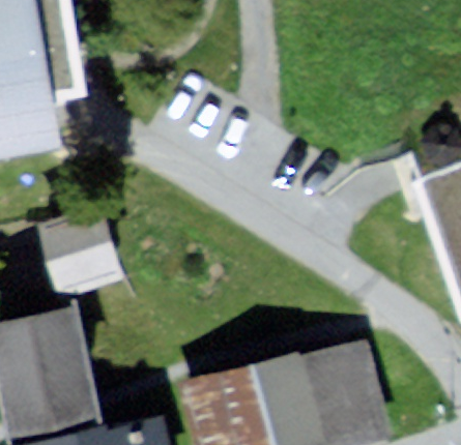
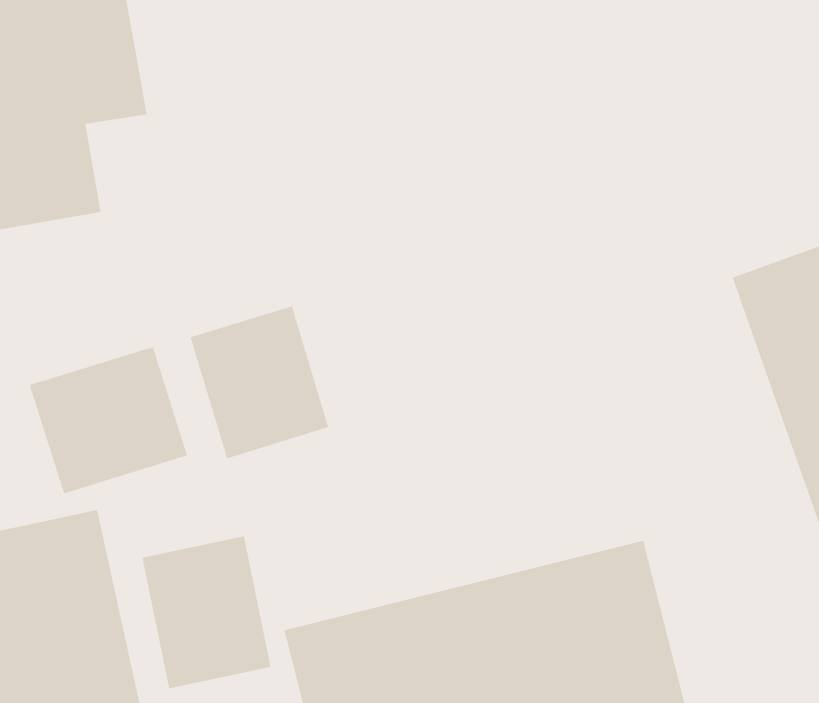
building: none -> [190,305,329,459]
building: none -> [142,536,271,689]

